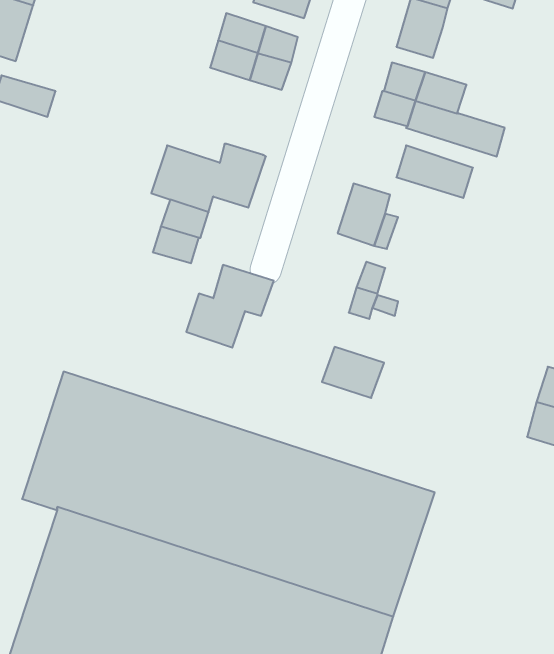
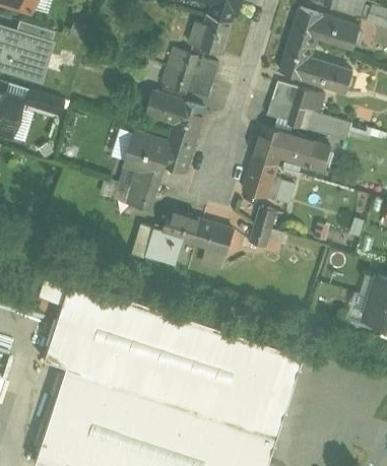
building: none -> [304,60,352,93]
building: none -> [146,93,205,141]
building: none -> [253,128,286,167]
building: [322,347,384,398] -> [194,221,234,254]

